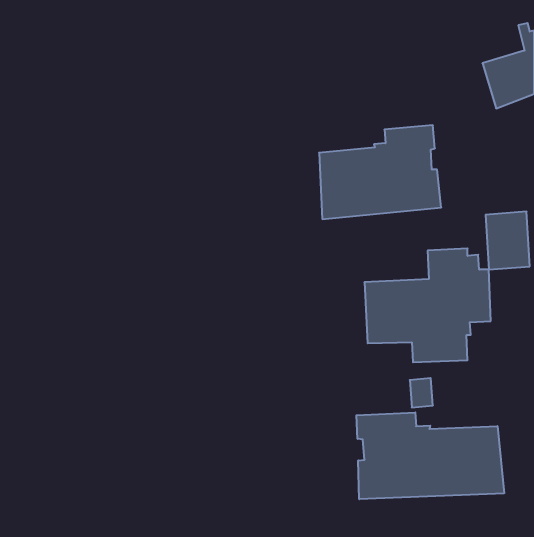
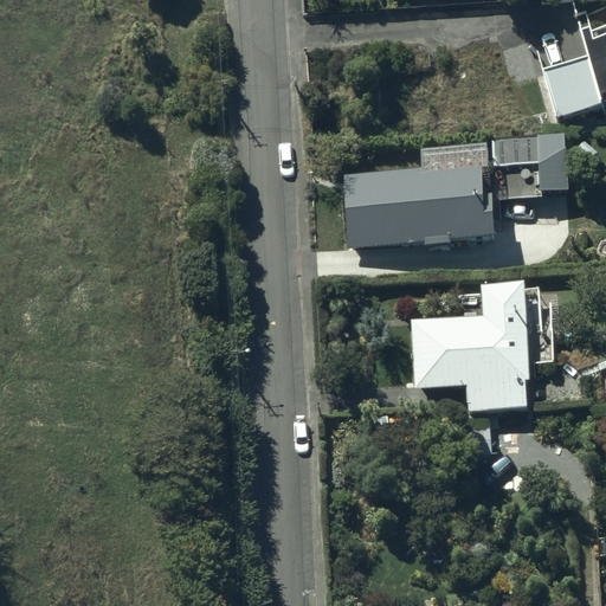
building: [486,212,530,270] -> [490,136,540,201]
building: [356,412,504,499] -> none

